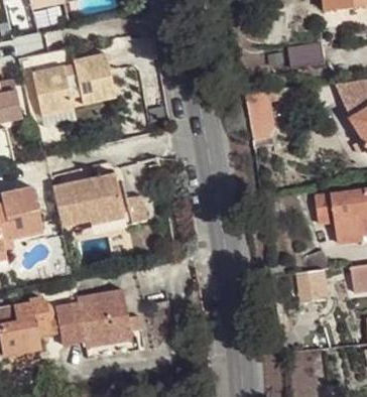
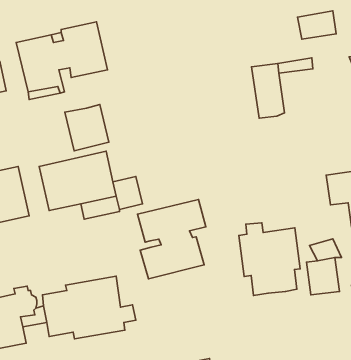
building: none -> [65,104,109,151]
building: none -> [137,200,206,279]
building: none -> [239,223,300,295]

